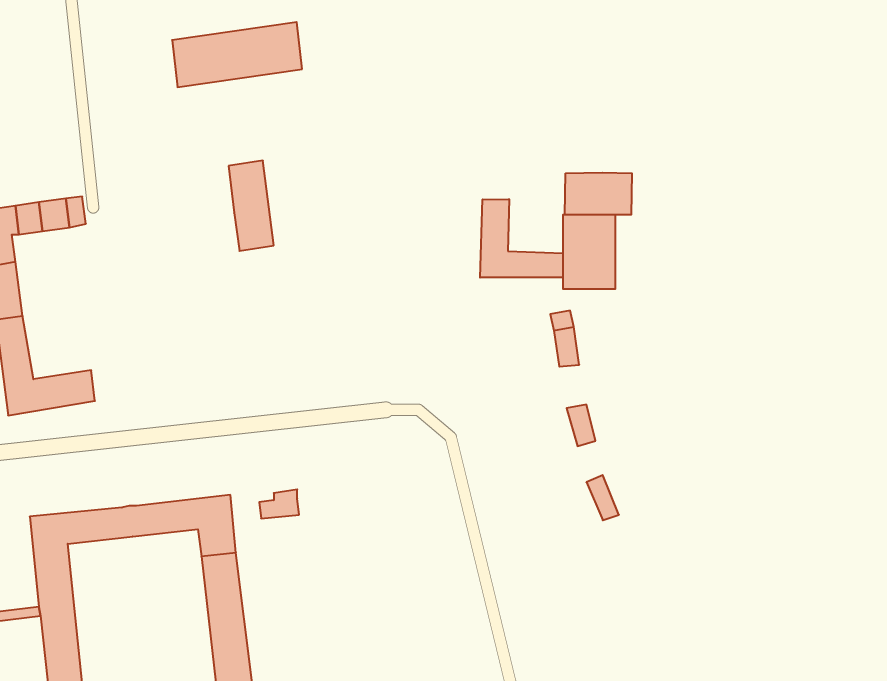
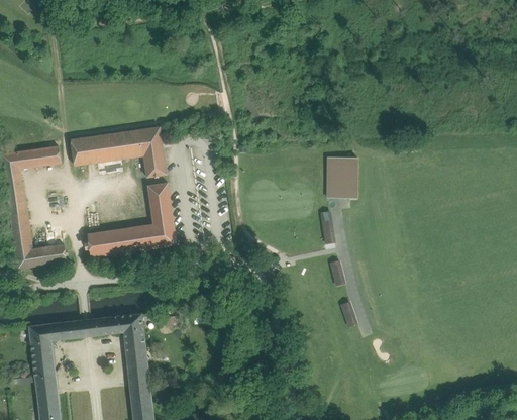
building: [172,22,302,87] -> [71,129,143,166]
building: [565,173,632,215] -> none
building: [480,199,563,278] -> none
building: none -> [87,183,176,257]

